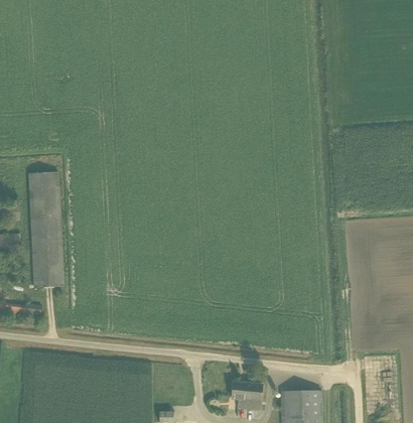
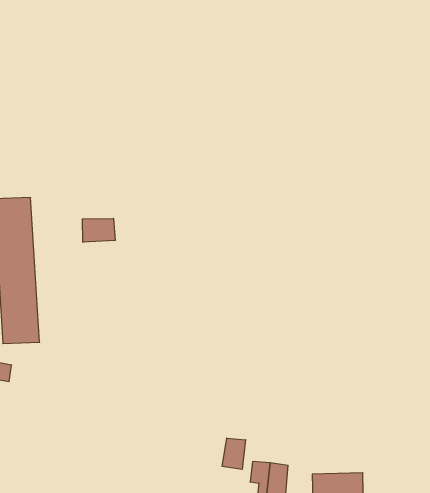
building: none -> [82,218,115,242]
building: none -> [222,438,246,469]

